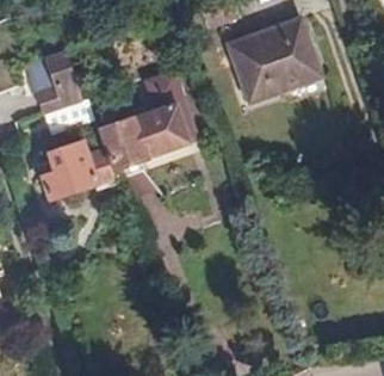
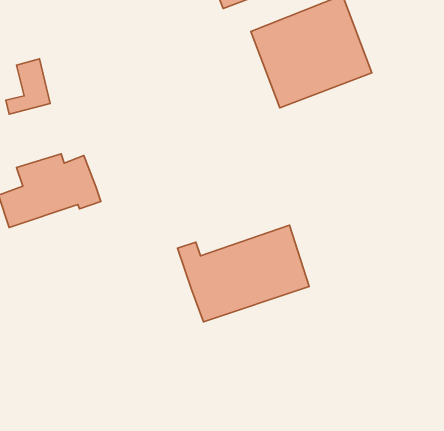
building: [87,92,190,167] -> [178,225,309,322]

